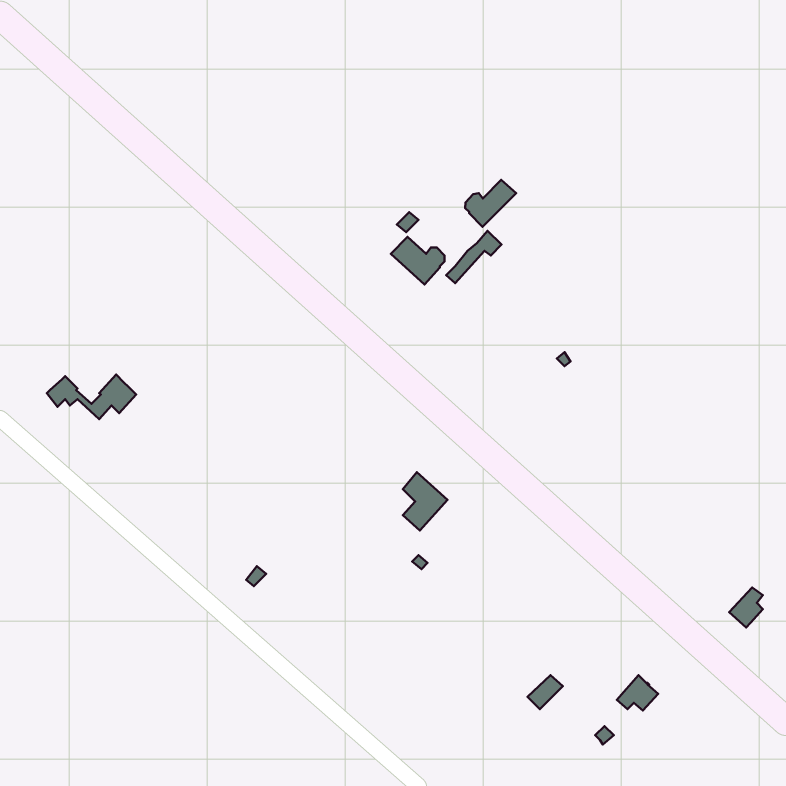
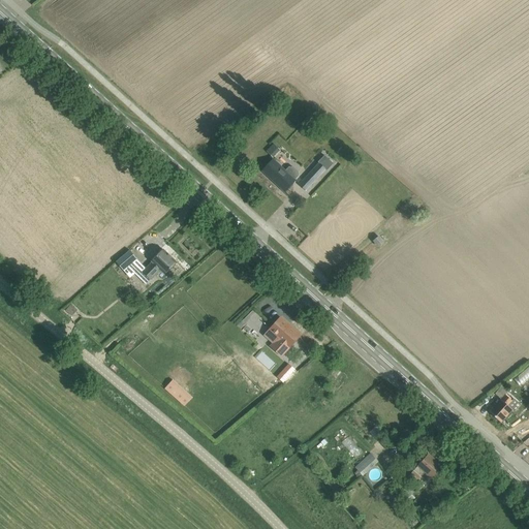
building: [465,180,516,227] -> none
building: [47,375,136,419] -> [117,249,177,279]

